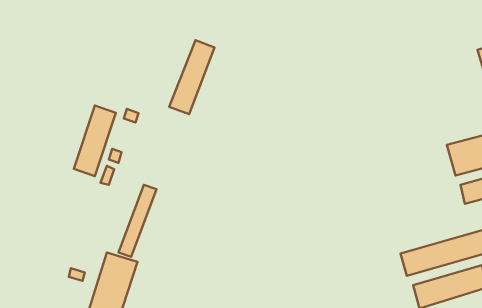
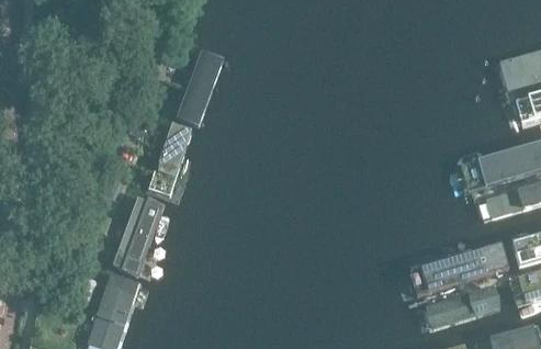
building: [74,105,116,176] -> [148,122,192,195]

